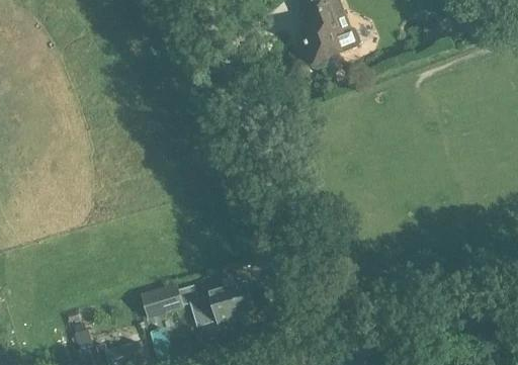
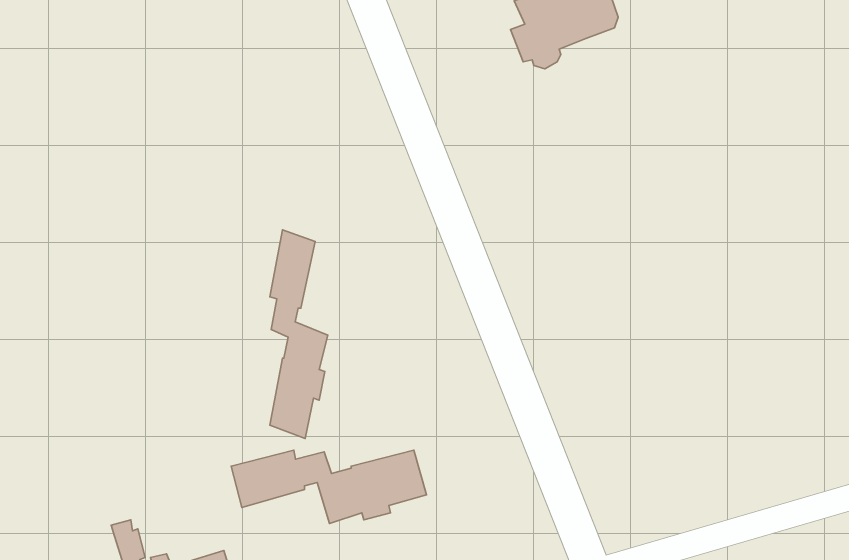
building: none -> [270,230,328,438]

